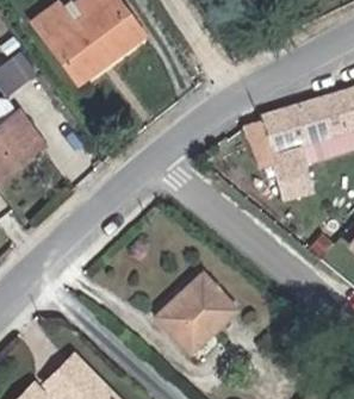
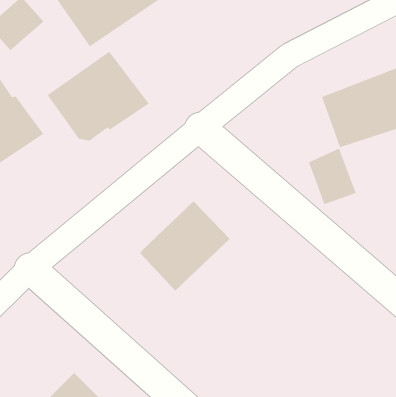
building: none -> [47,51,149,141]
building: [250,119,293,174] -> none
building: [164,279,241,355] -> [140,201,231,292]

